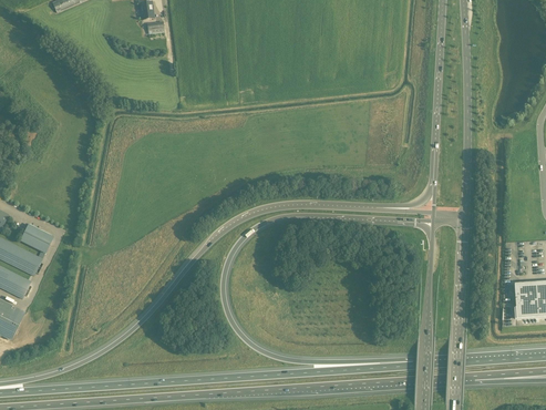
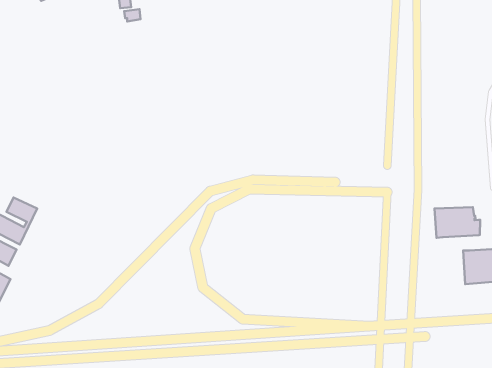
building: none -> [435,207,480,238]

